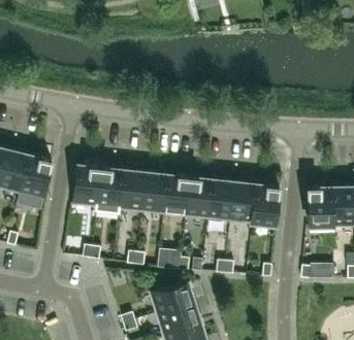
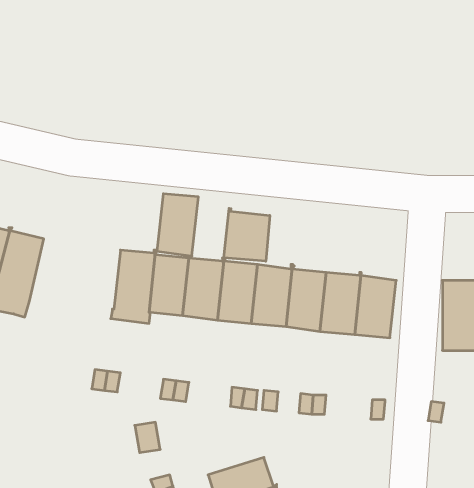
building: none -> [224,208,270,261]
building: [74,165,101,205] -> [157,194,198,256]
building: [152,280,194,312] -> none

